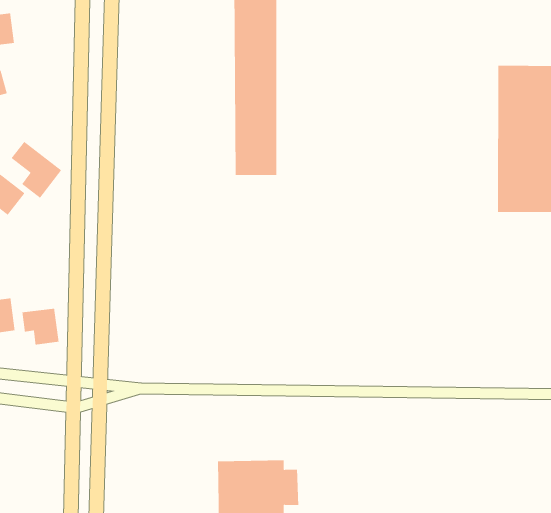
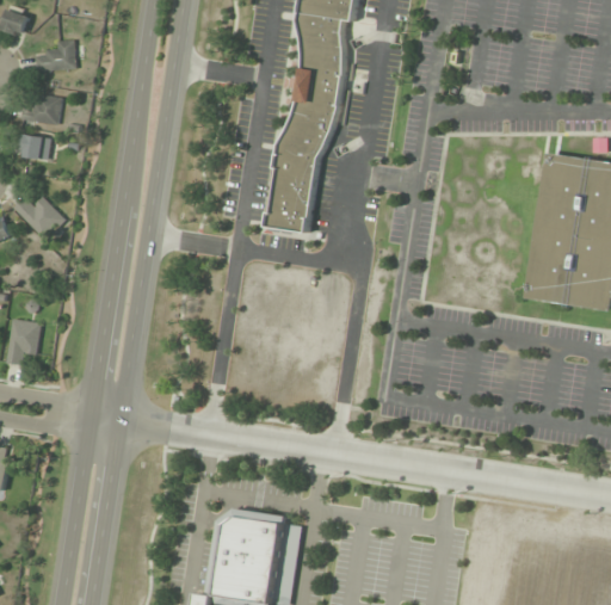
building: [11,141,62,199] -> none
building: [22,308,59,345] -> none

